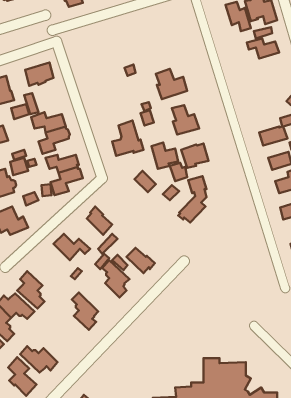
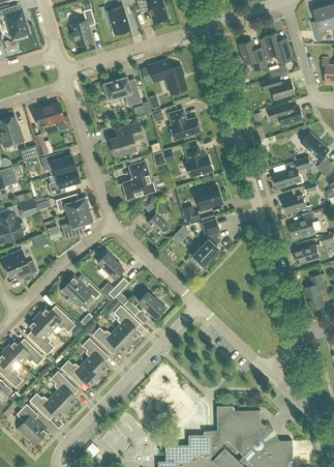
building: none -> [148,59,186,94]
building: none -> [101,77,142,106]
building: none -> [268,103,301,124]
building: none -> [110,122,143,156]
building: [152,143,178,169] -> none
building: none -> [36,305,74,332]
building: none -> [92,327,130,354]
building: none -> [60,360,99,386]
building: none -> [50,371,78,409]

